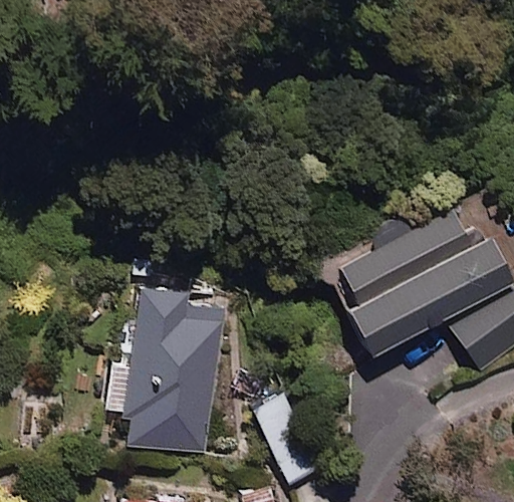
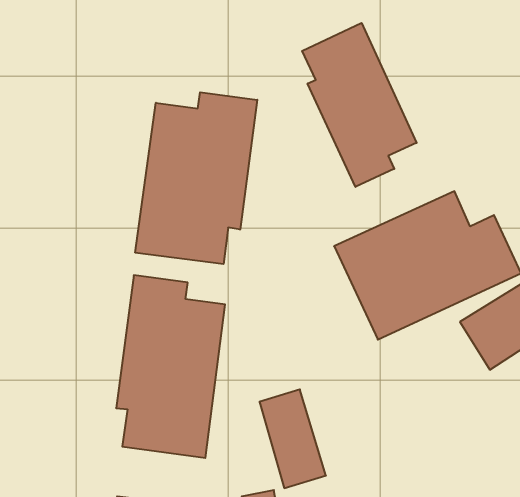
building: none -> [302,23,417,187]
building: none -> [135,92,257,264]

